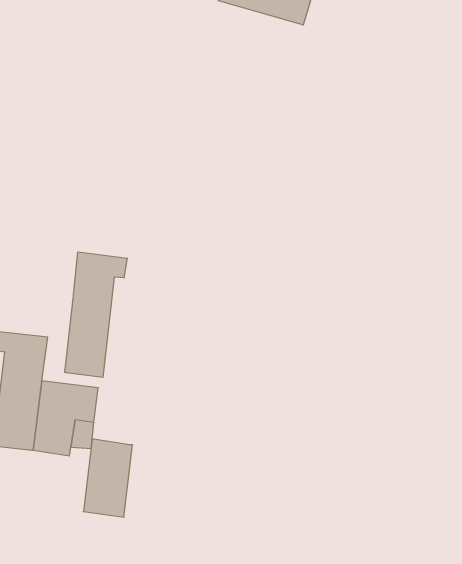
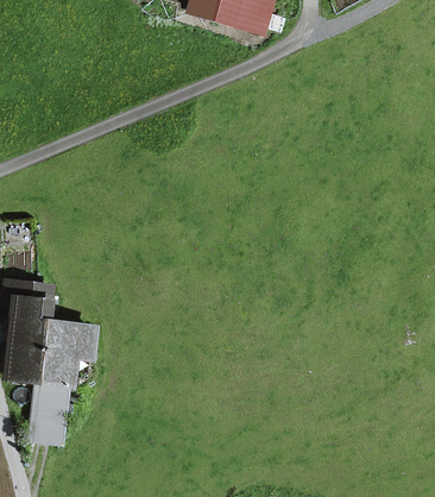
building: [65,252,127,377] -> none
building: [83,439,133,517] -> [29,380,69,445]

